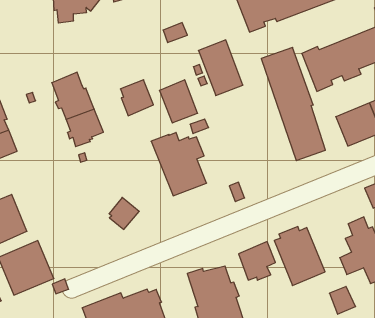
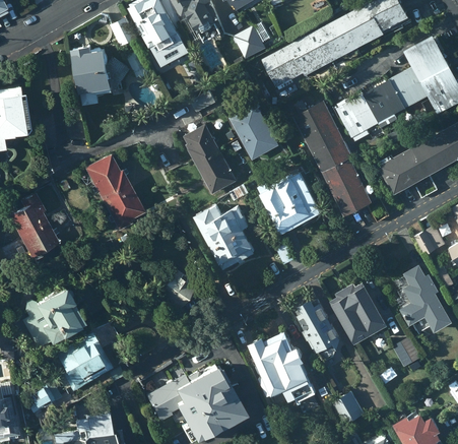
building: [120,80,153,116] -> [184,124,219,163]
building: none -> [258,167,321,235]

